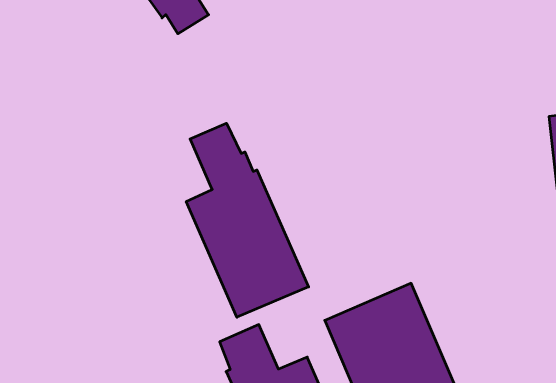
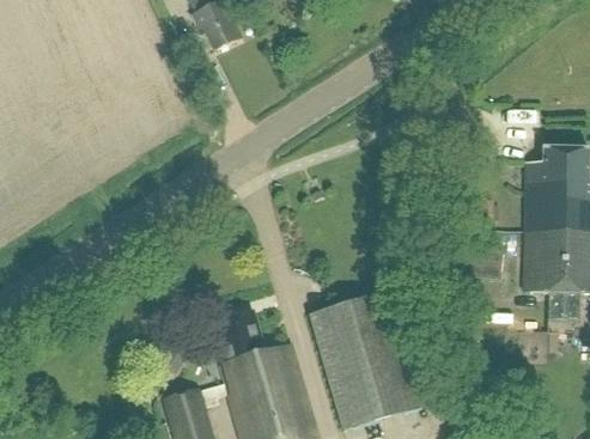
building: [186,123,309,317] -> none

